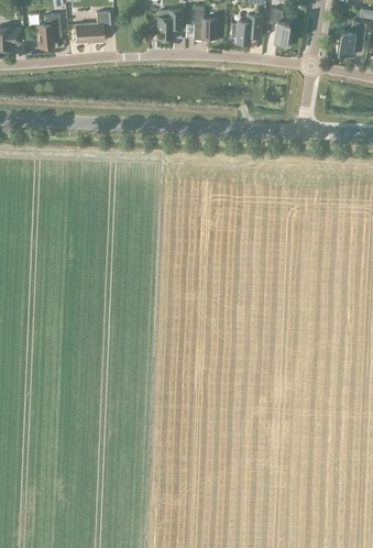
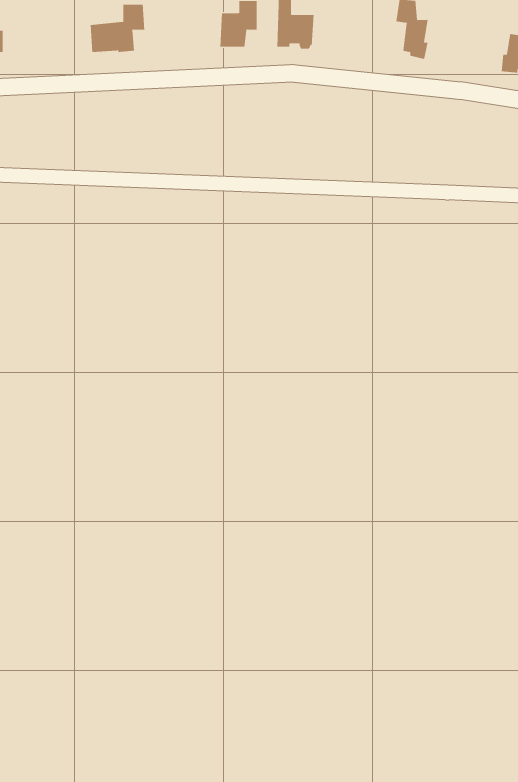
building: [36,13,63,46] -> none
building: [232,13,263,42] -> none

